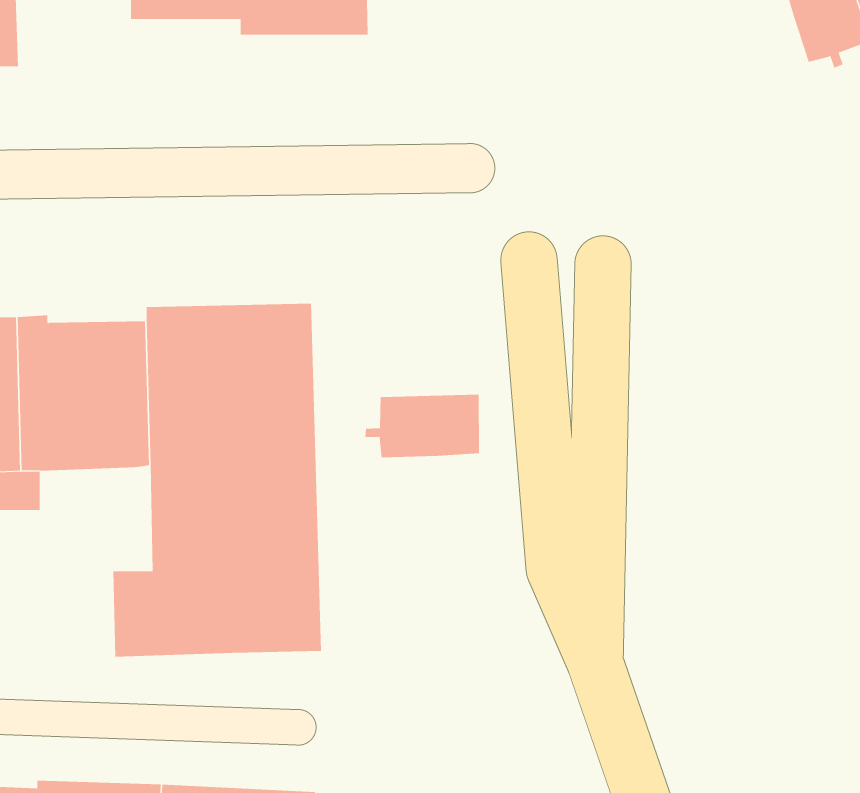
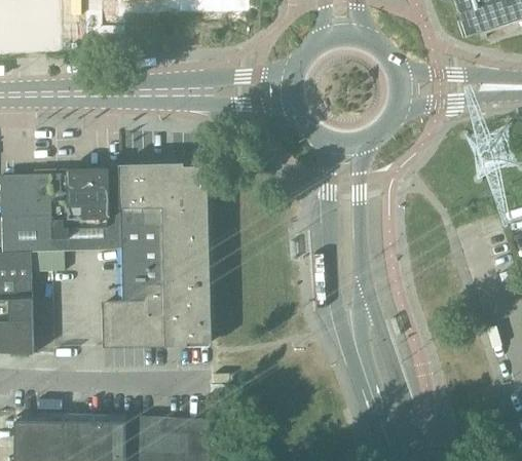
building: [365,394,479,458] -> none

